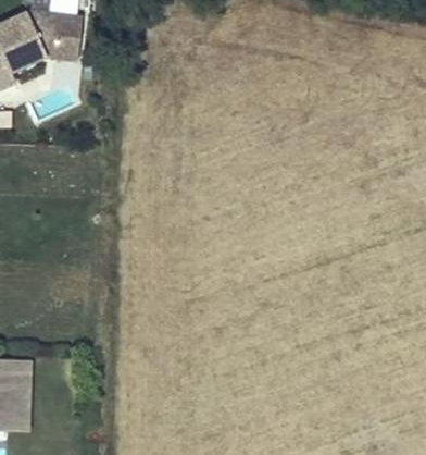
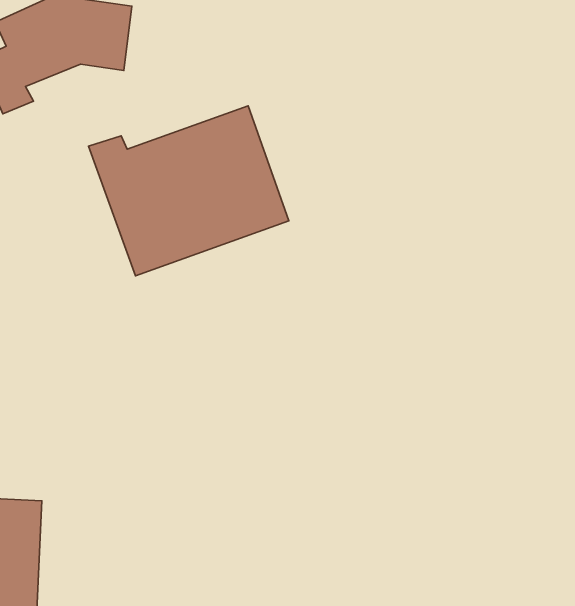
building: none -> [88,106,289,276]

